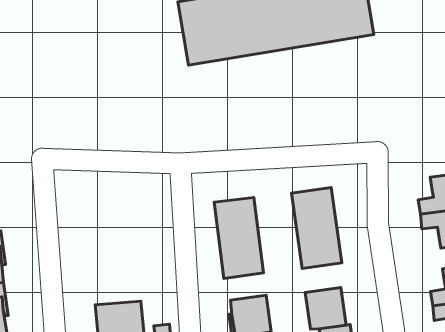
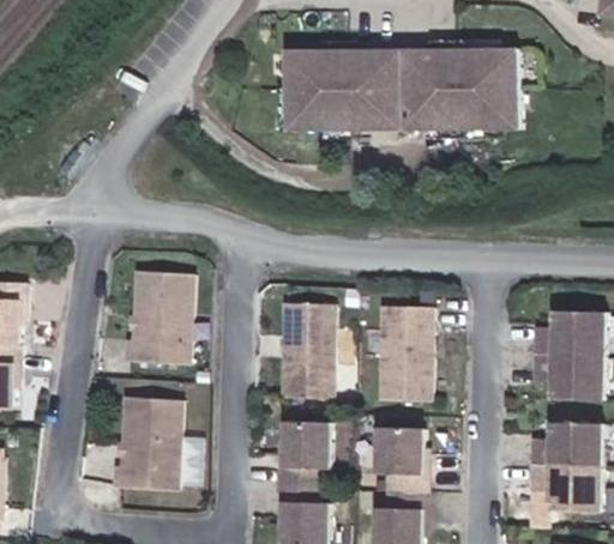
building: none -> [121,266,189,361]

